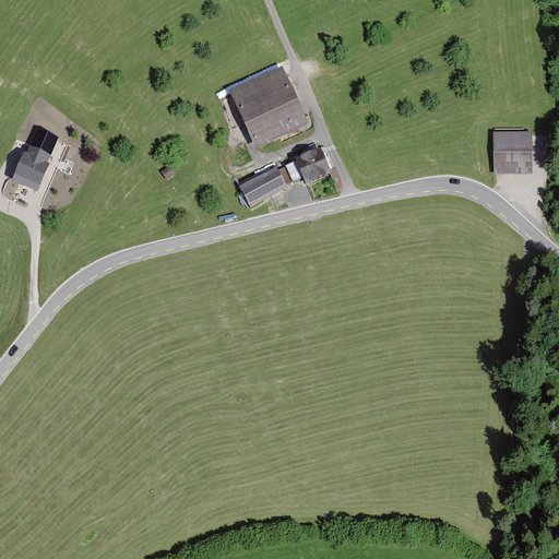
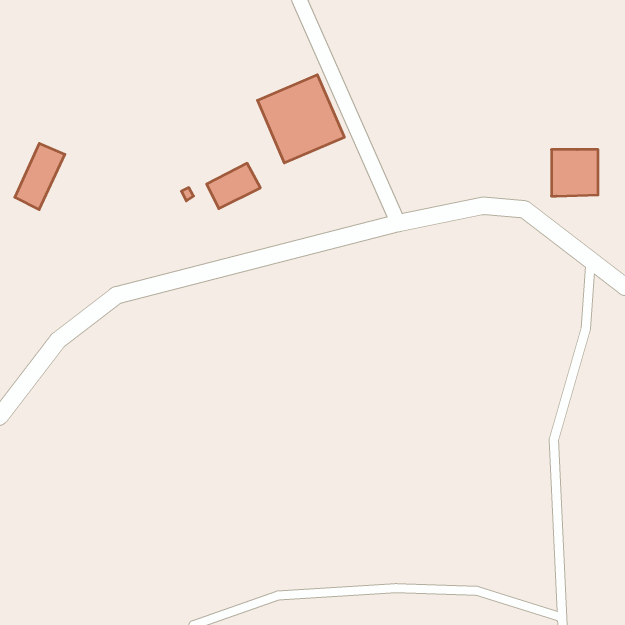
building: [296,148,329,181] -> none
building: [239,166,287,206] -> [207,163,260,209]

